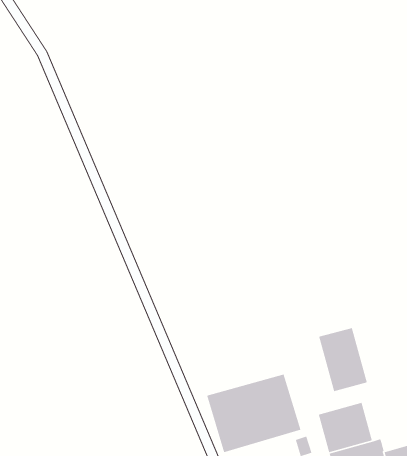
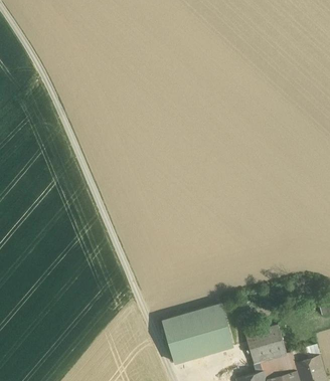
building: [318,327,368,392] -> none

